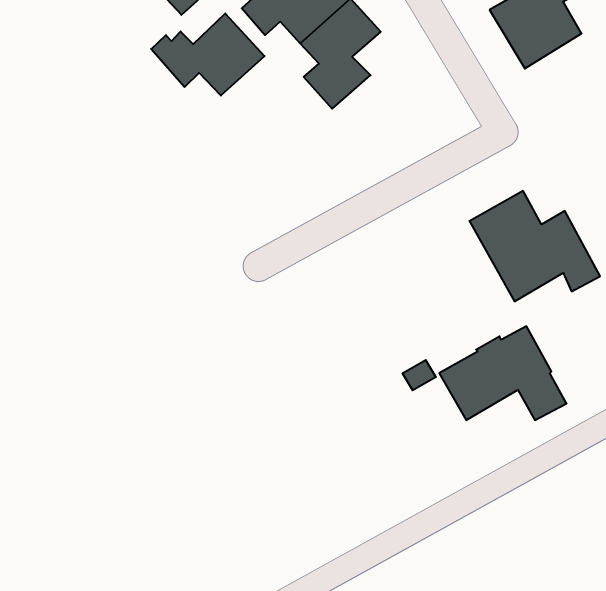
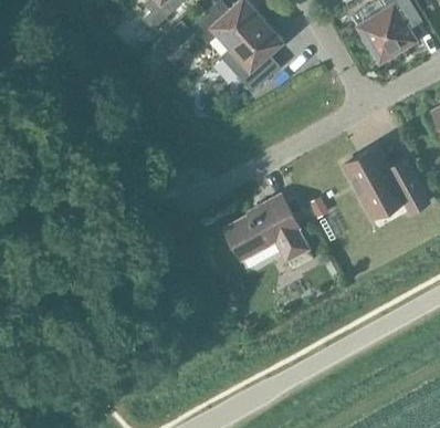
building: [151,13,265,96] -> none
building: [439,326,567,420] -> [224,197,308,259]

